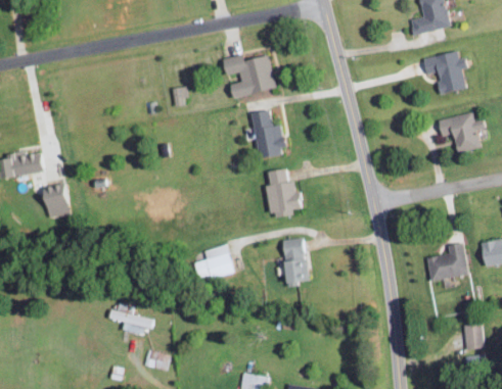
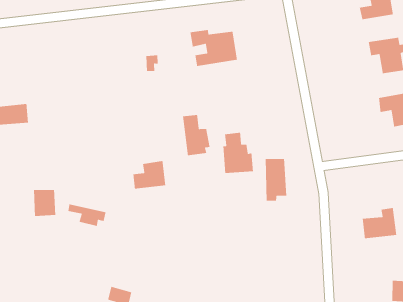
building: [250,110,284,158] -> [182,114,210,156]
building: [43,185,71,217] -> [33,189,56,217]
building: [281,238,309,288] -> [265,158,287,201]
building: [194,245,233,280] -> [132,160,166,189]
building: [109,310,153,335] -> [67,203,106,227]

